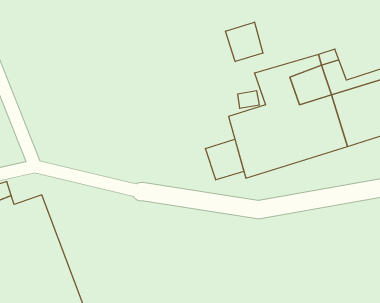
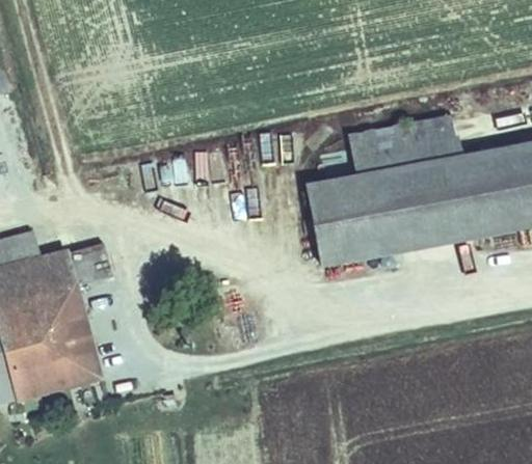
building: [225,22,263,62] -> none
building: [205,139,244,180] -> none

